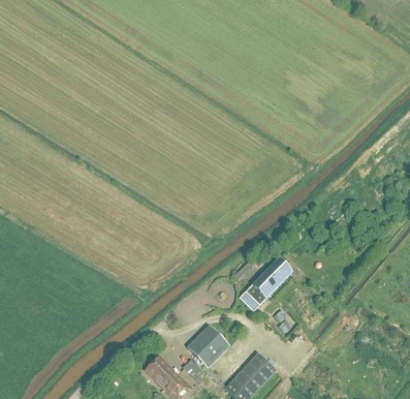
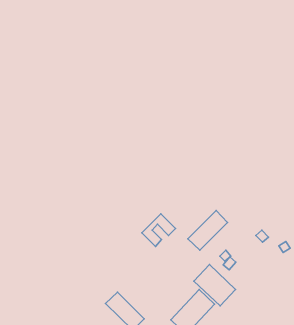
building: none -> [194,265,236,306]
building: [186,326,226,365] -> [142,214,175,247]

